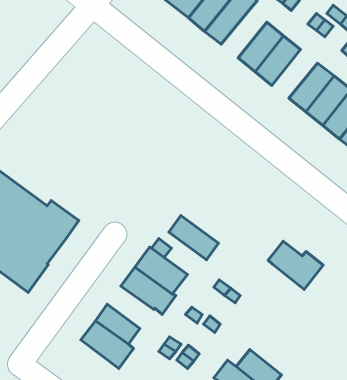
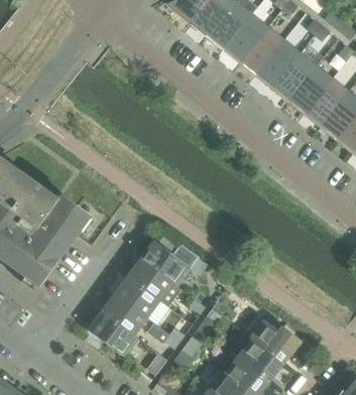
building: none -> [223,13,266,60]
building: none -> [271,52,315,99]
building: [169,215,219,260] -> none
building: [268,241,323,290] -> [246,316,299,363]
building: none -> [114,278,158,318]

